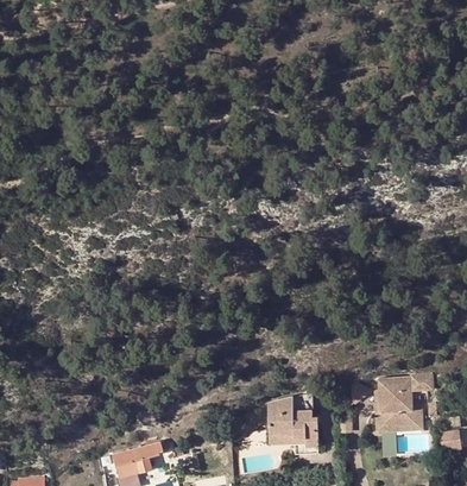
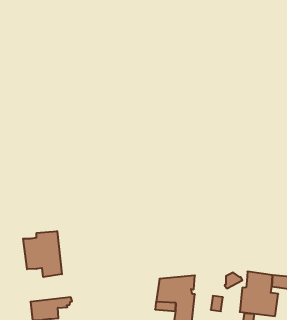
building: none -> [23,231,62,277]

